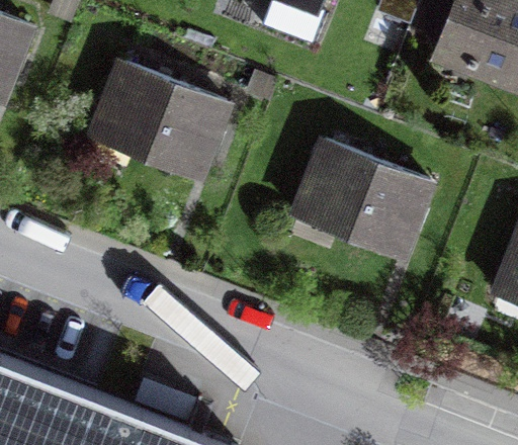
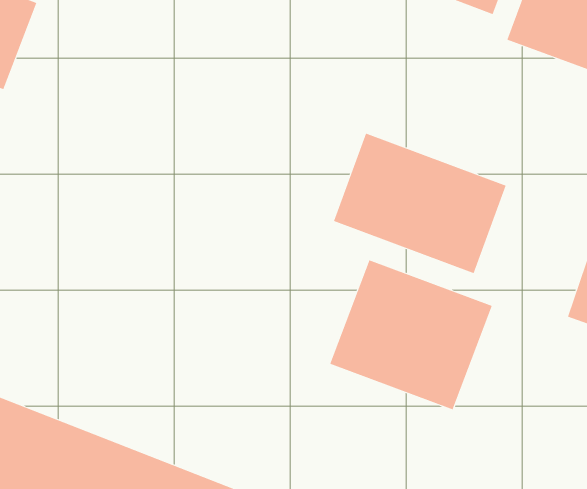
building: [85,59,240,185] -> none
building: none -> [330,259,493,410]

